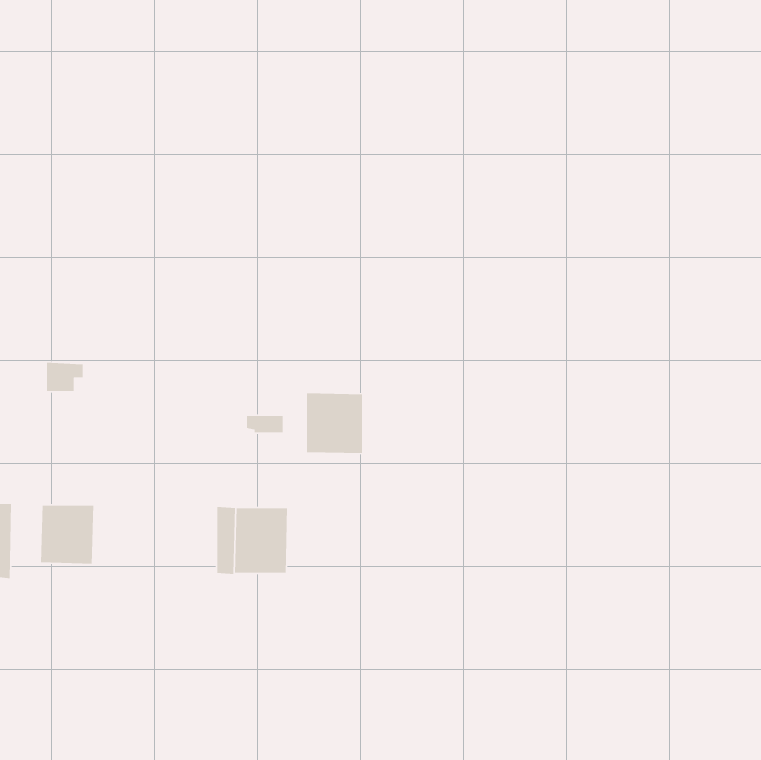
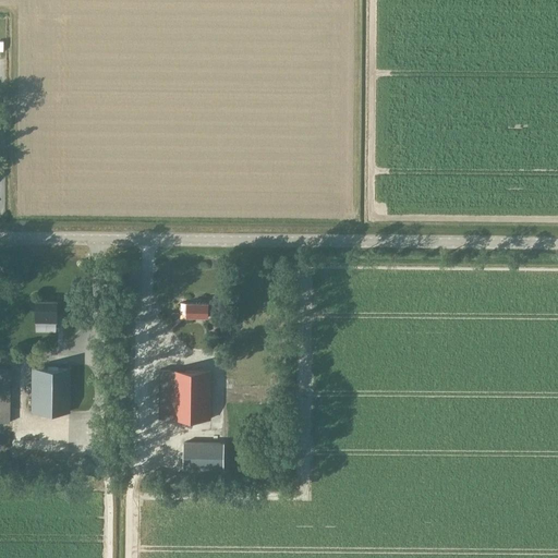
building: [46,362,84,392] -> [35,302,62,324]
building: [306,393,363,454] -> none
building: none -> [182,444,223,472]

